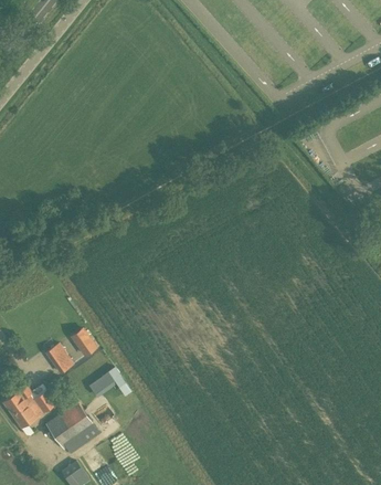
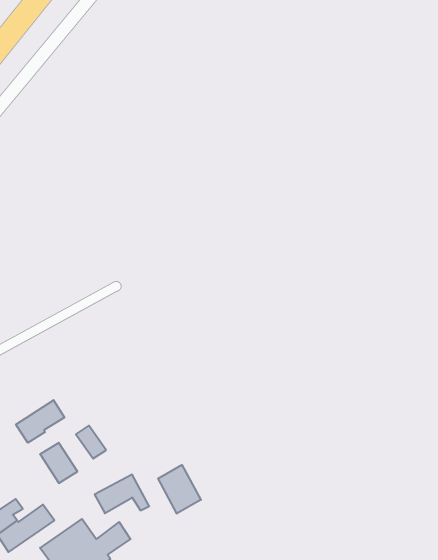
building: none -> [16,400,64,443]
building: none -> [158,465,201,514]

